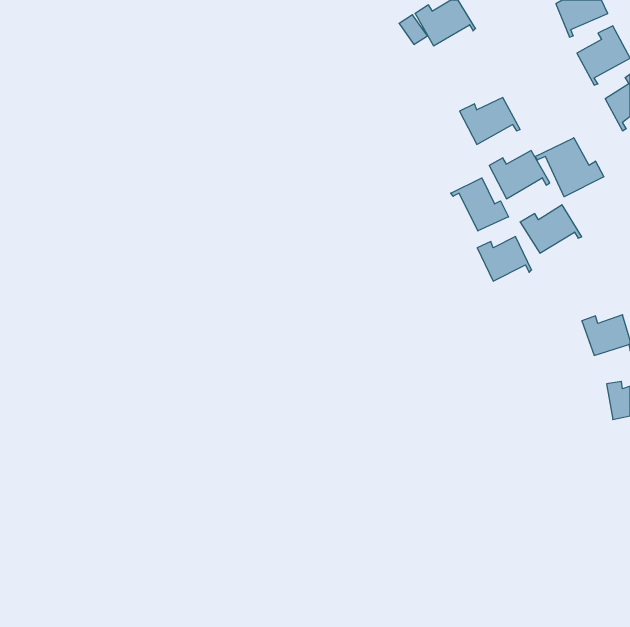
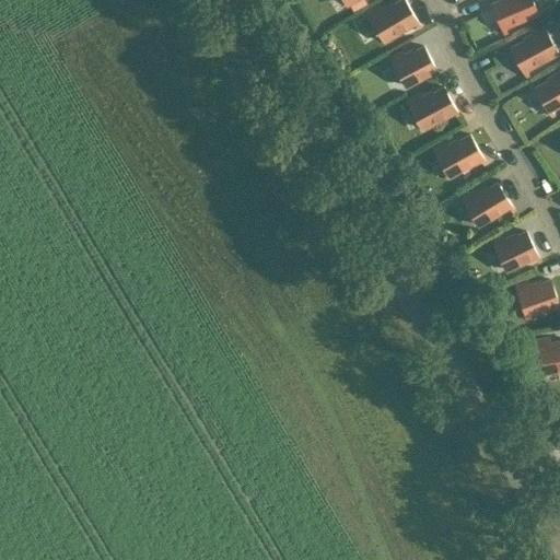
building: none -> [390,48,440,89]
building: [535,138,604,197] -> none
building: [451,178,509,231] -> none
building: [477,237,532,281] -> [492,233,540,272]

